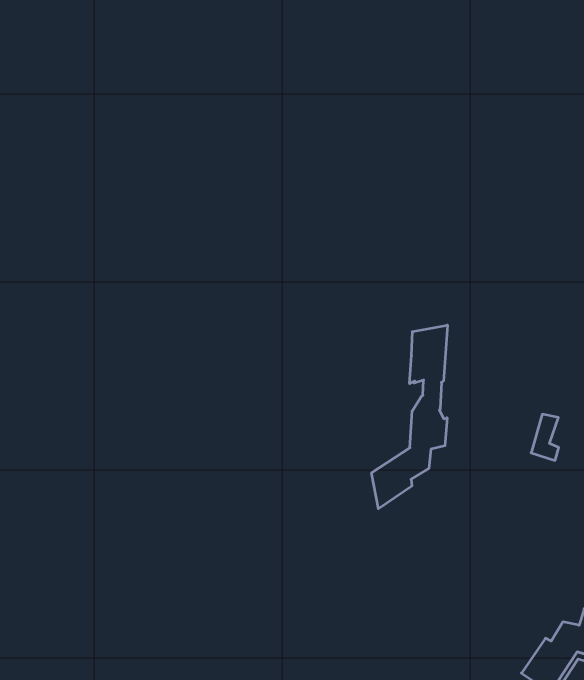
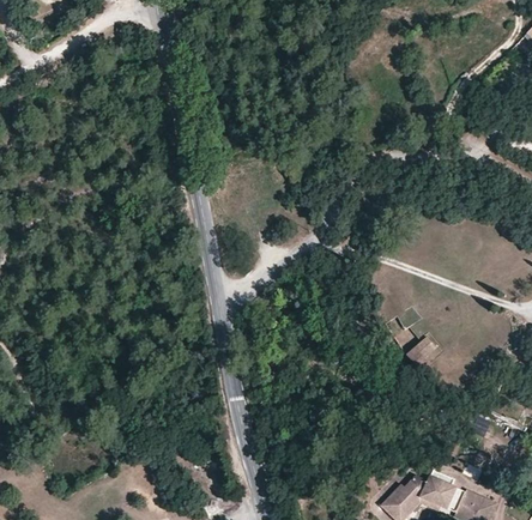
building: [372,325,447,509] -> none

